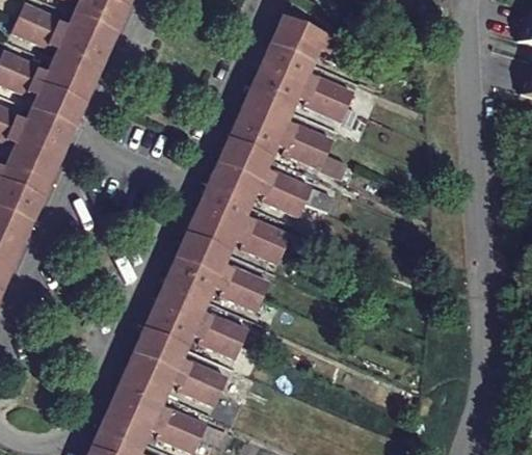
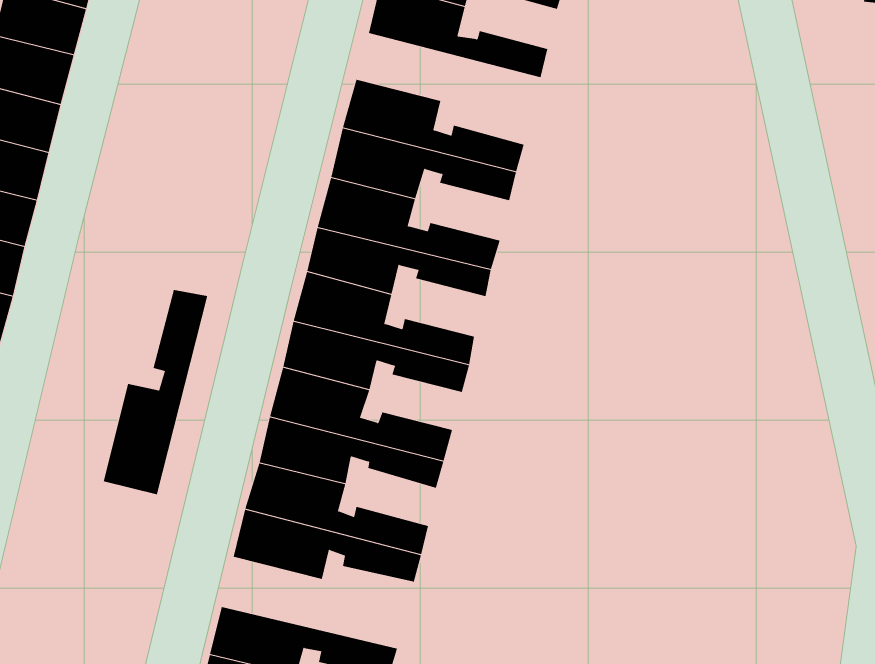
building: [249,69,346,121] -> none
building: none -> [103,289,208,495]
building: [133,329,228,392] -> none

